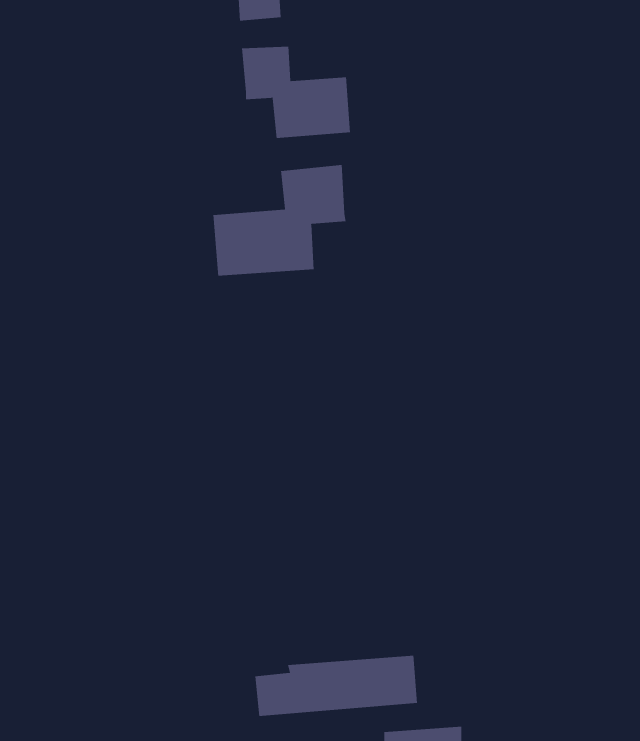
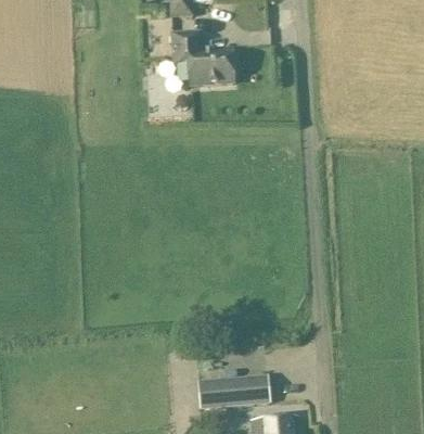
building: [213,164,346,277] -> none

